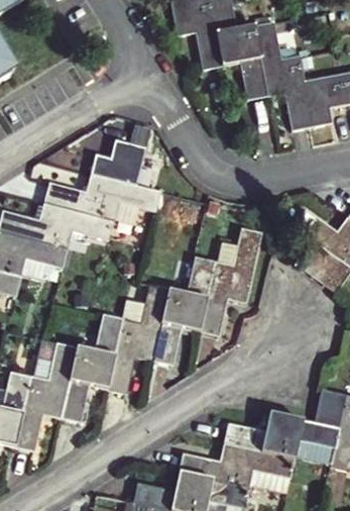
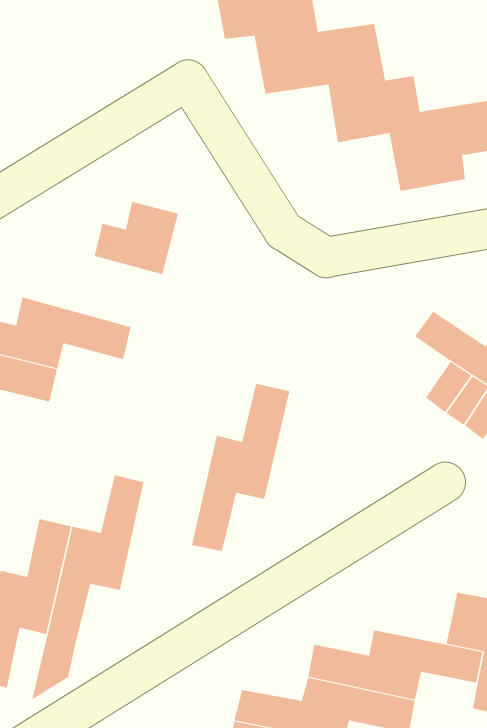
building: [43,173,160,218] -> none
building: [200,227,261,333] -> none
building: [107,283,168,393] -> none

